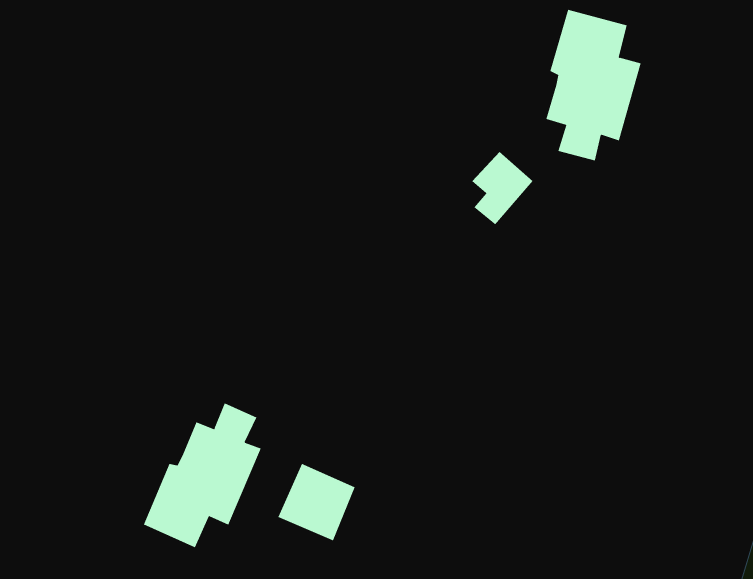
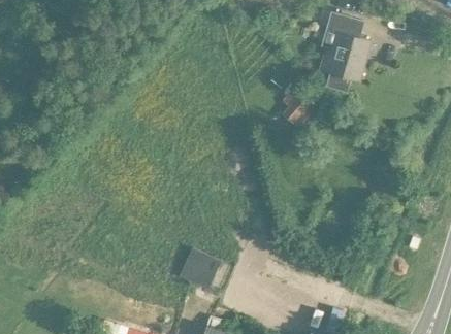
building: [143,402,261,548] -> none

